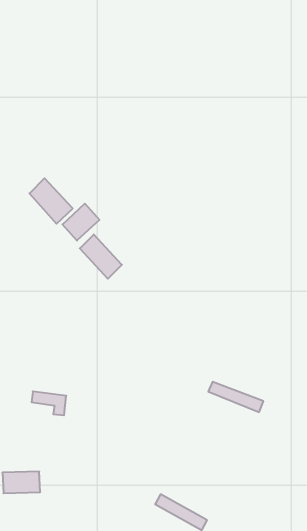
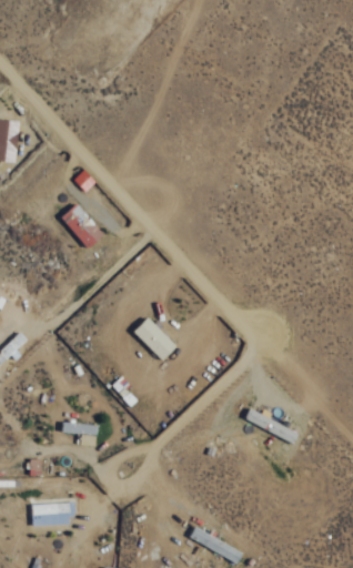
building: [62,204,99,241] -> none
building: [80,234,122,279] -> [133,315,176,361]

